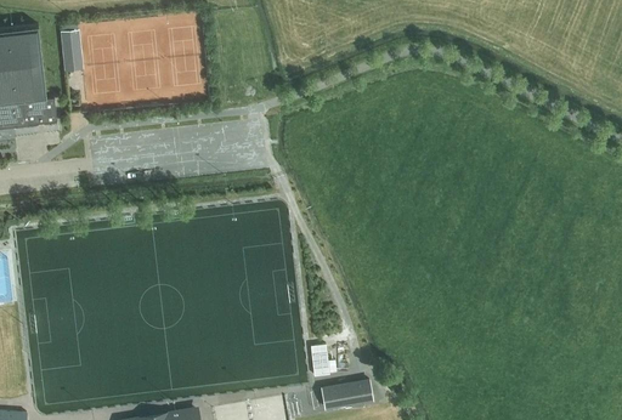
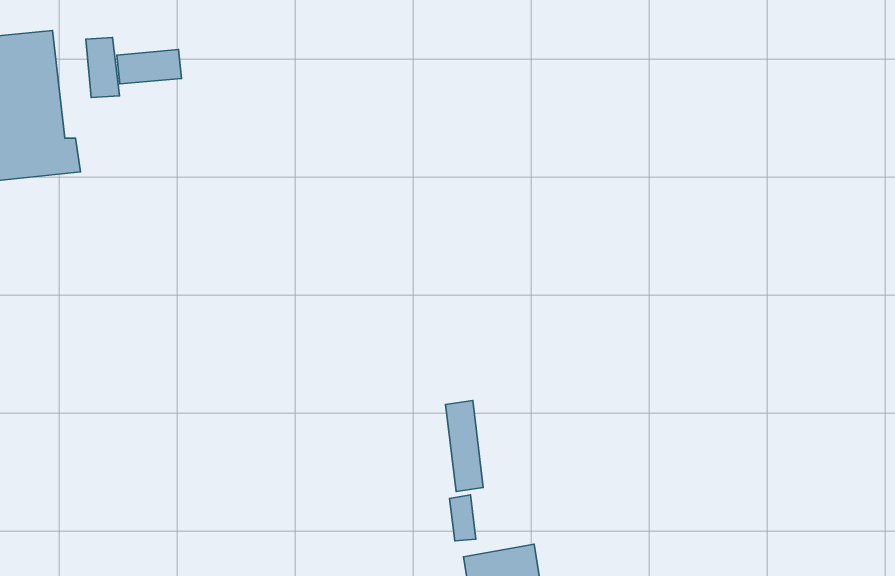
building: none -> [117,50,182,84]
building: none -> [446,401,483,492]

